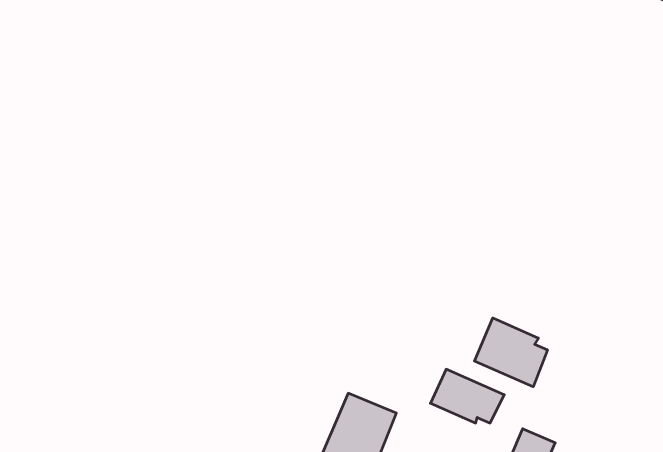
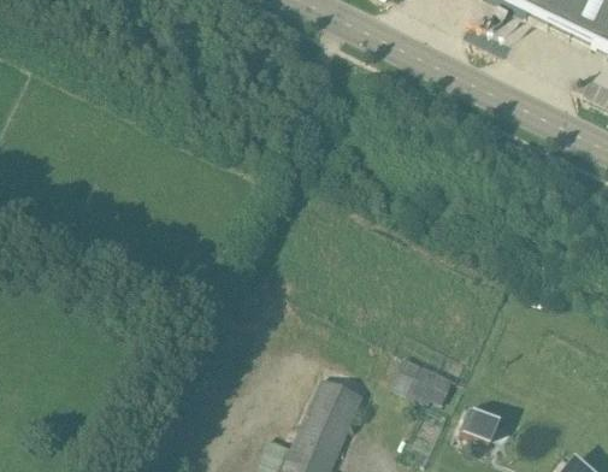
building: [474,318,547,387] -> none

